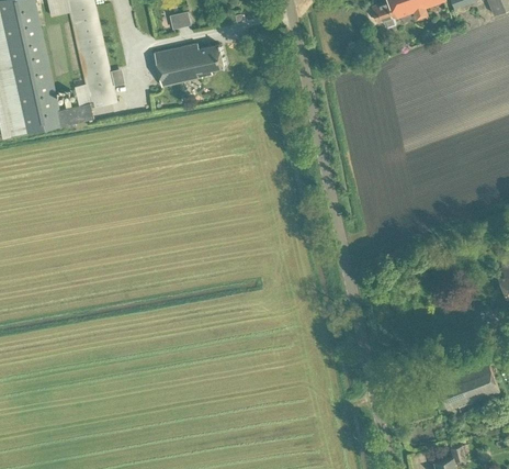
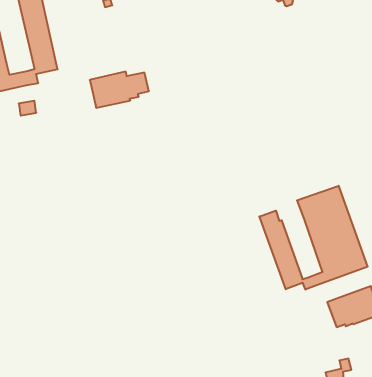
building: [155,44,225,87] -> [90,72,149,108]
building: none -> [259,186,368,290]

